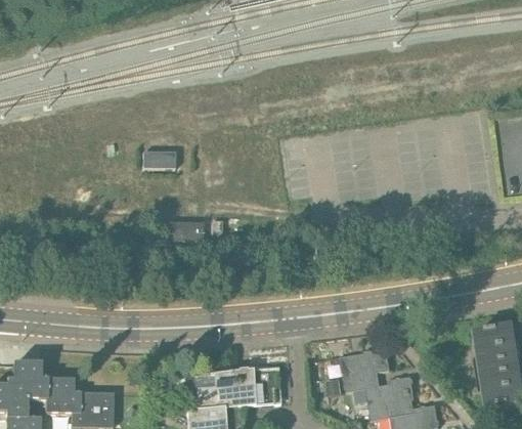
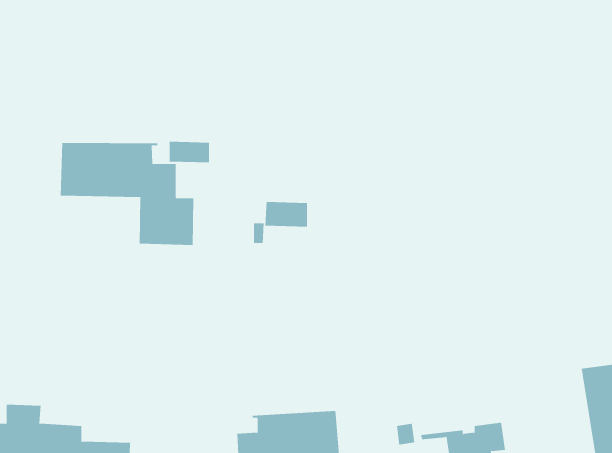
building: none -> [60,142,194,246]
building: [168,220,203,241] -> [264,202,308,227]
building: [341,347,389,386] -> none

